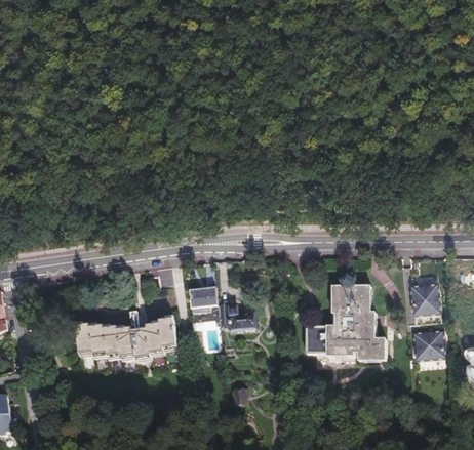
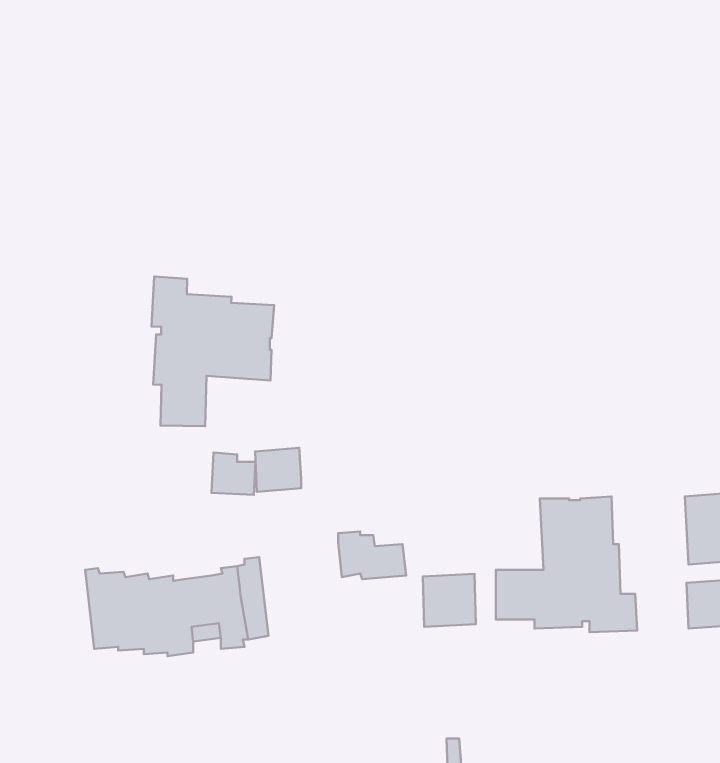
building: none -> [151,276,274,426]
building: [192,286,218,311] -> [255,448,301,492]
building: none -> [423,574,476,627]

